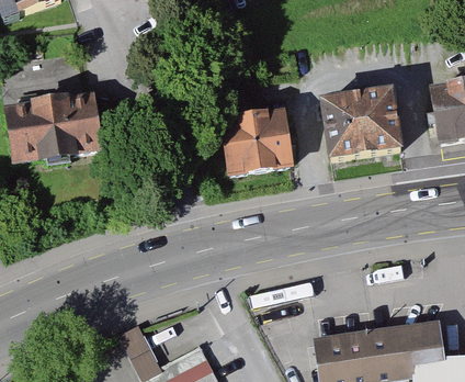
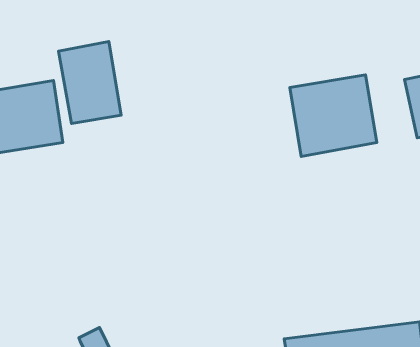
building: none -> [58,42,121,123]
building: [223,108,291,173] -> none

